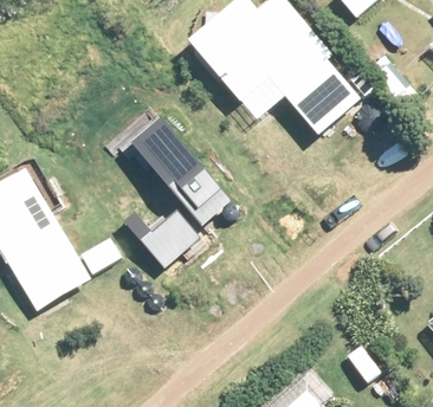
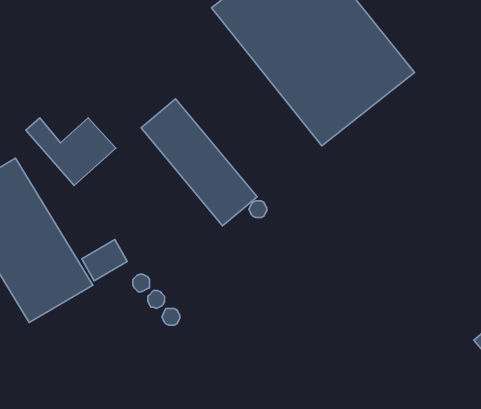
building: [122,211,199,269] -> [26,118,116,185]

